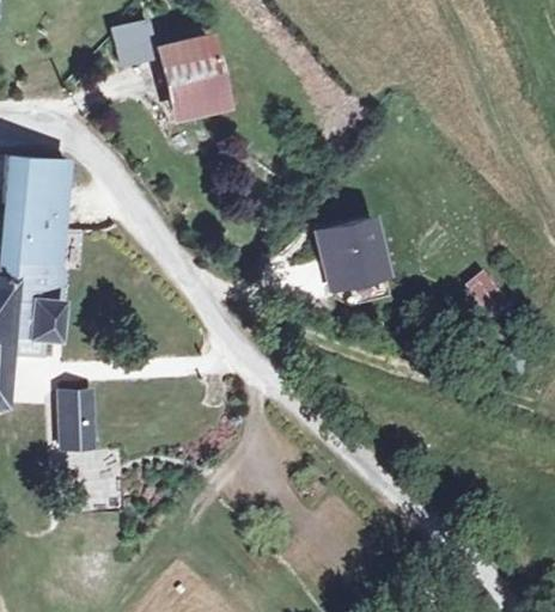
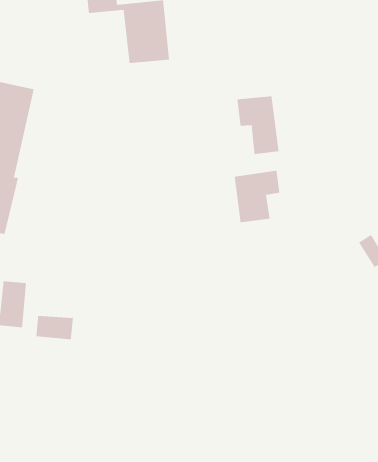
building: none -> [237,95,279,155]
building: none -> [36,315,73,340]

